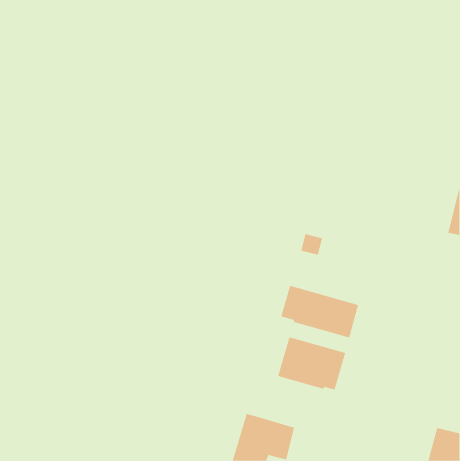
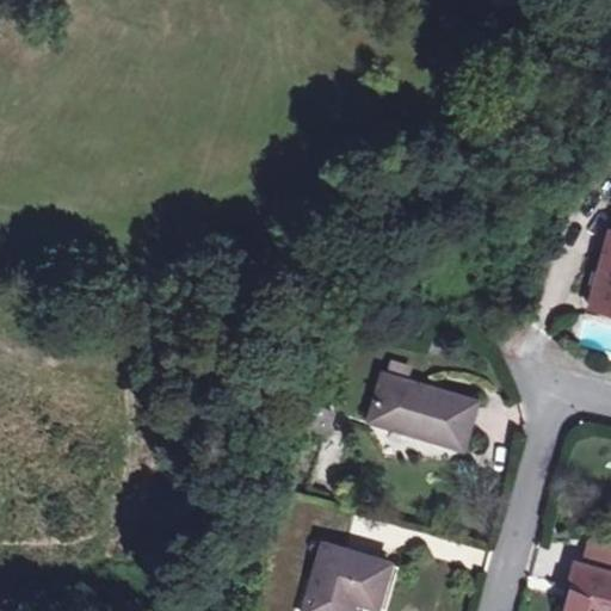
building: [277,336,346,391] -> none

